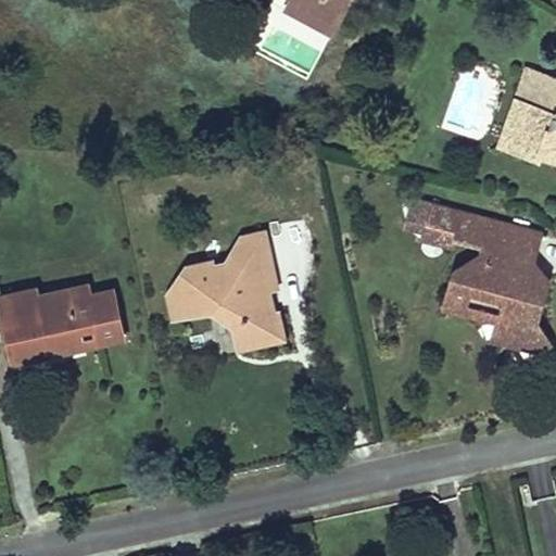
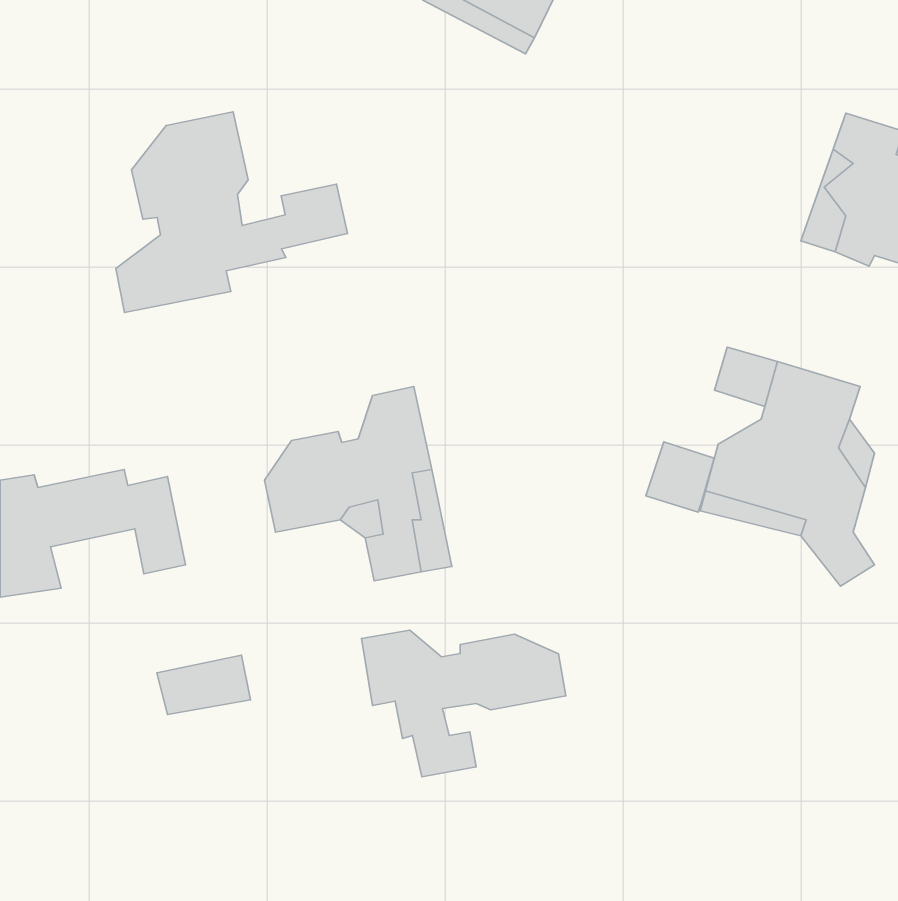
building: none -> [116,112,348,312]
building: [410,200,452,242] -> [646,442,714,512]
building: [43,319,100,355] -> [157,655,250,714]
building: none -> [362,630,566,777]

